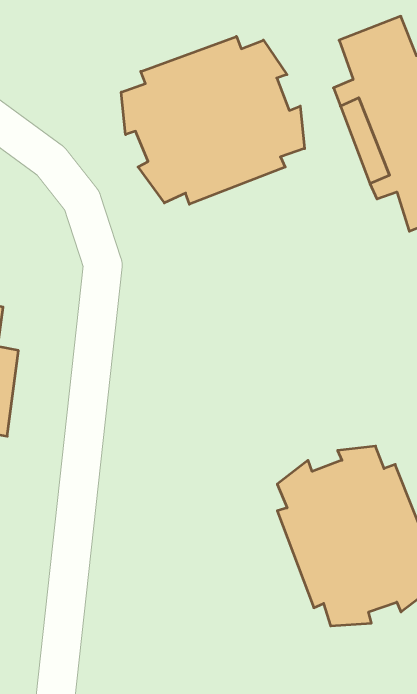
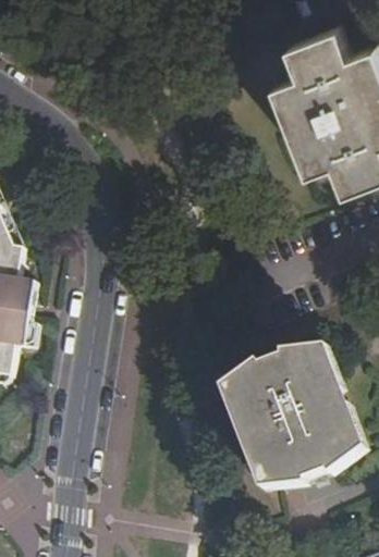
building: [121,36,305,204] -> none

